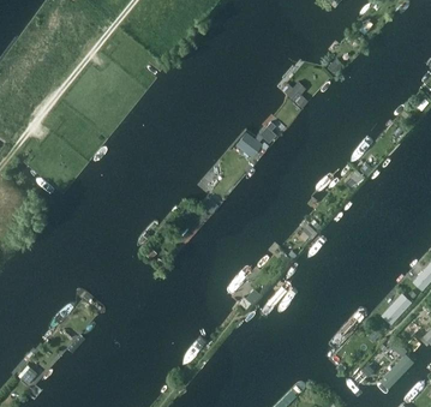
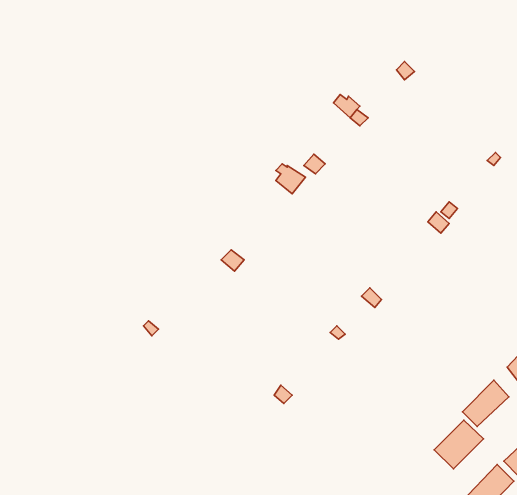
building: none -> [434,420,483,469]

